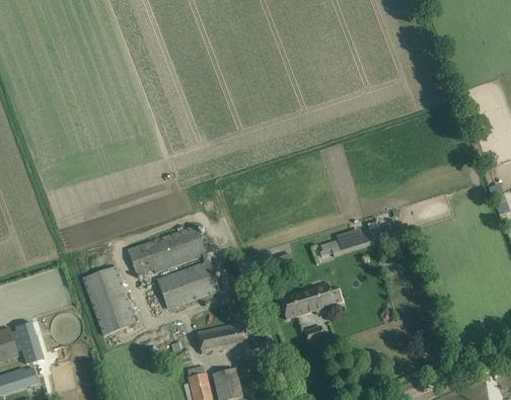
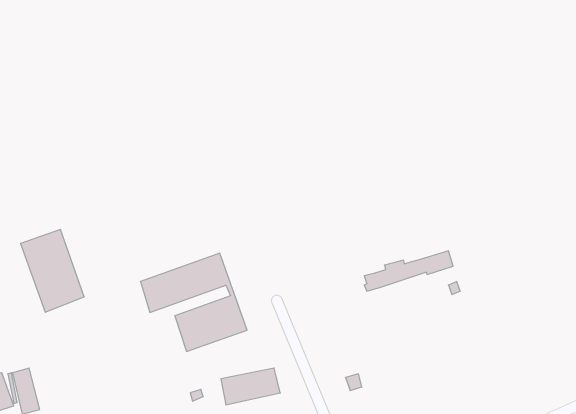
building: [81,265,136,336] -> [20,229,84,312]
building: [279,283,335,320] -> none

